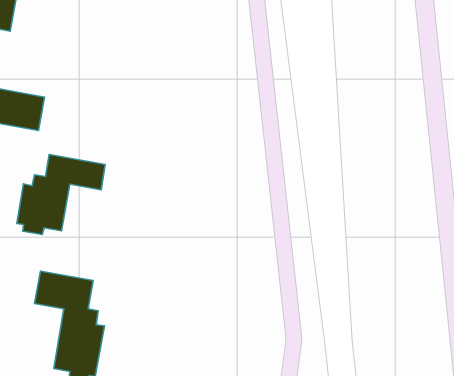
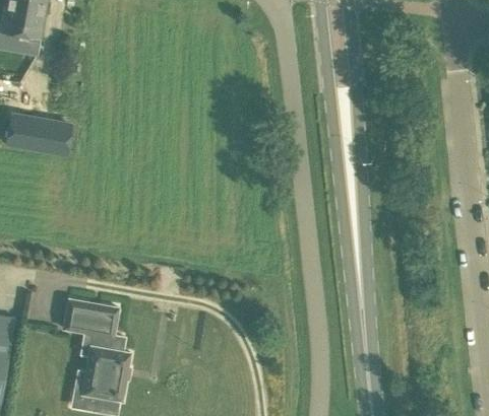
building: [17,155,105,235] -> none

